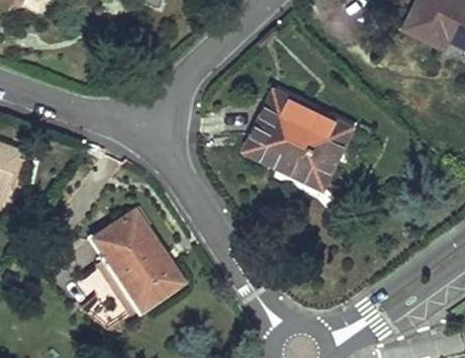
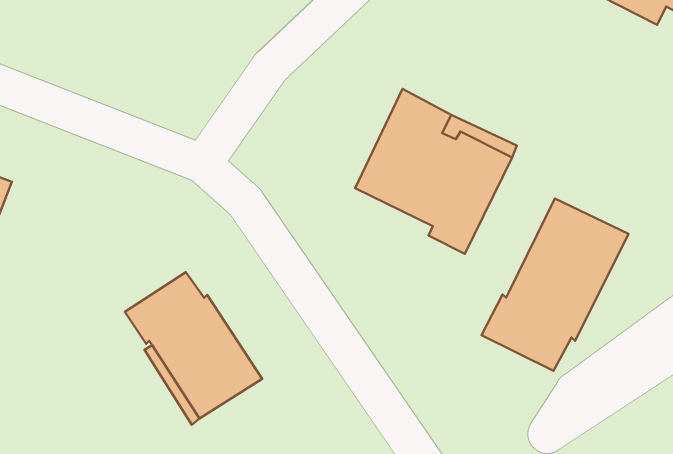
building: none -> [482,198,629,371]

